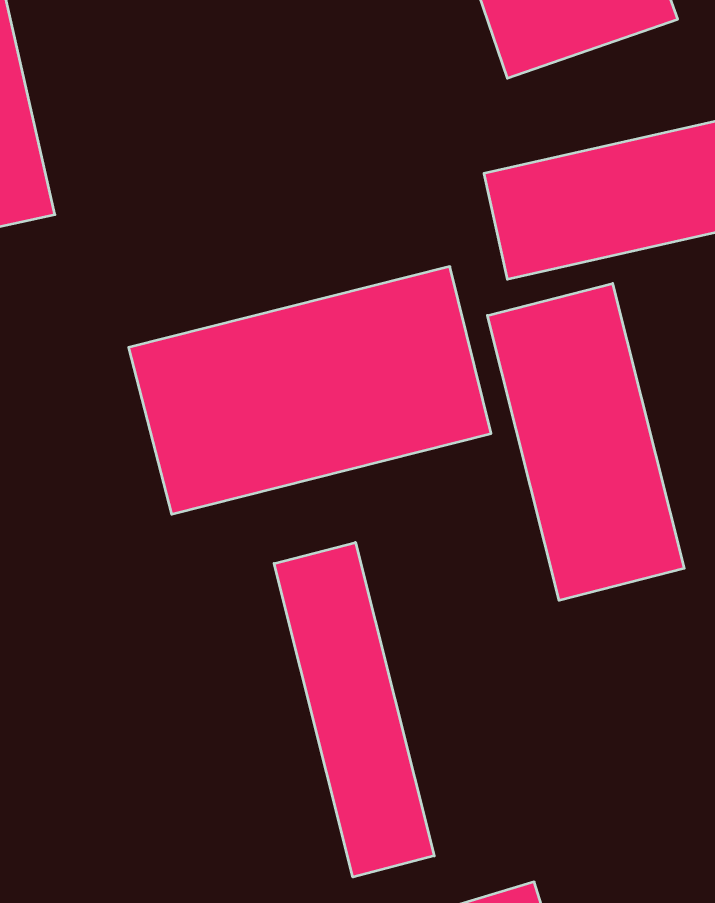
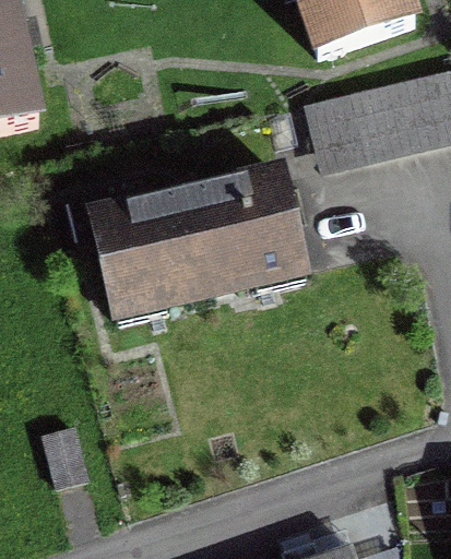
building: [487,283,684,600] -> none
building: [274,542,434,877] -> none

